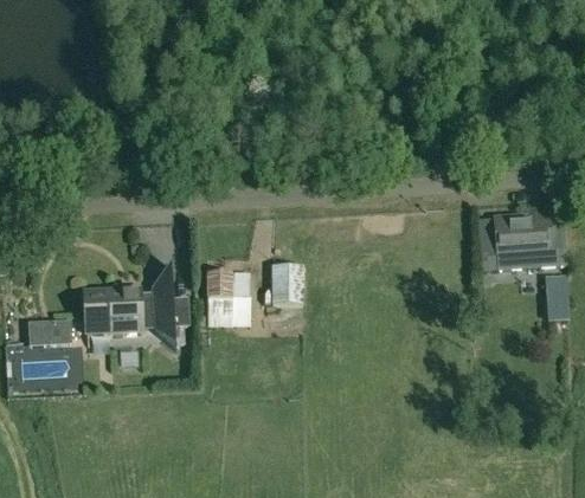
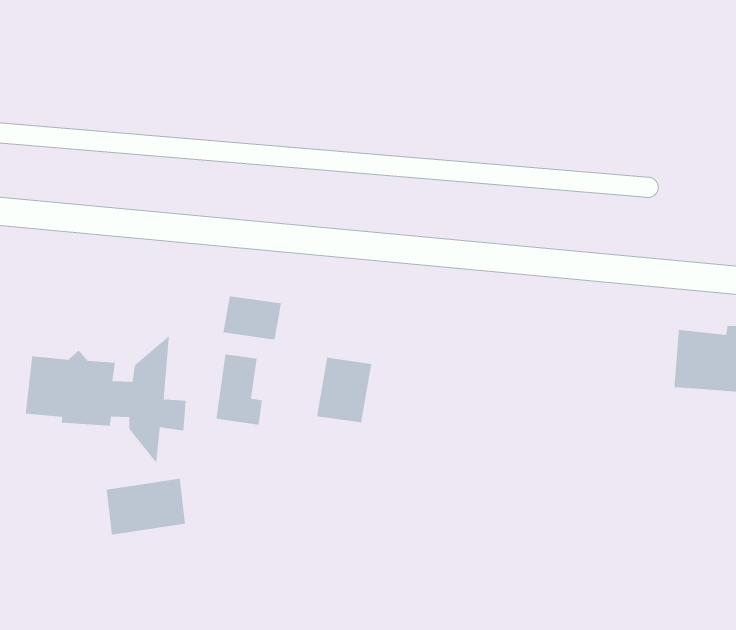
building: none -> [222,295,282,340]
building: none -> [106,478,186,535]

